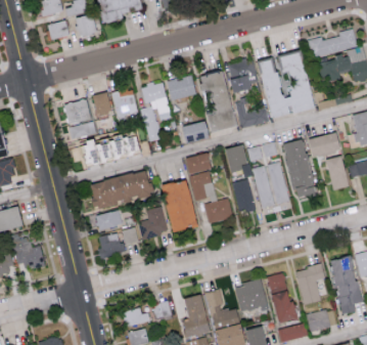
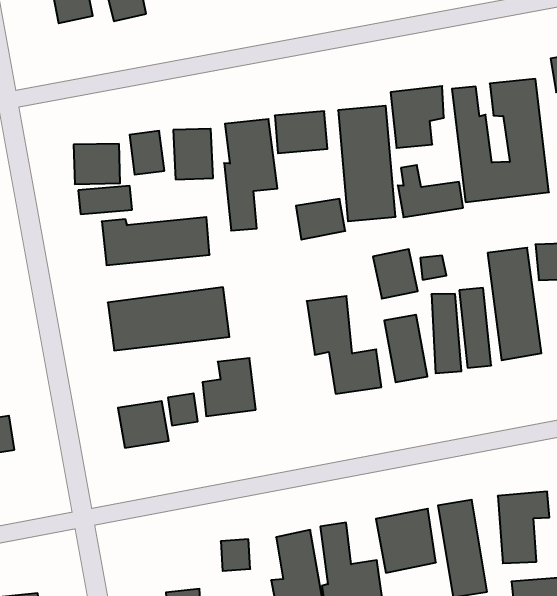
building: [184,153,212,174] -> none
building: [162,179,197,231] -> none
building: [96,210,124,230] -> none
building: [119,307,147,328] -> none

